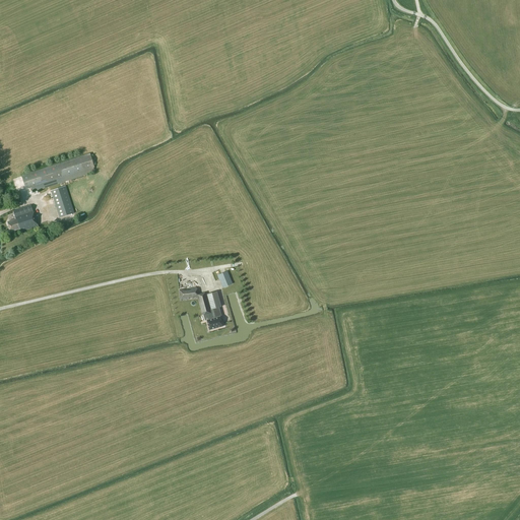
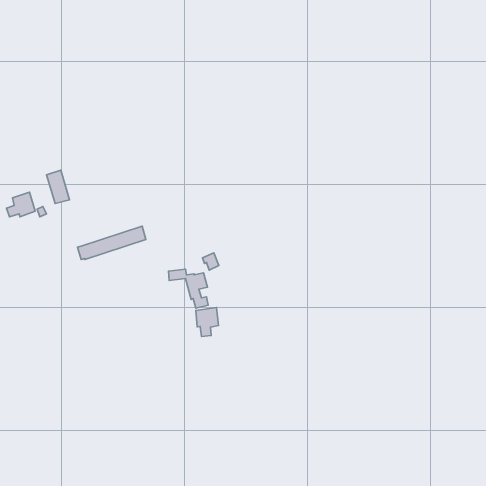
building: [21,153,94,189] -> [77,226,146,260]
building: none -> [196,308,219,336]

